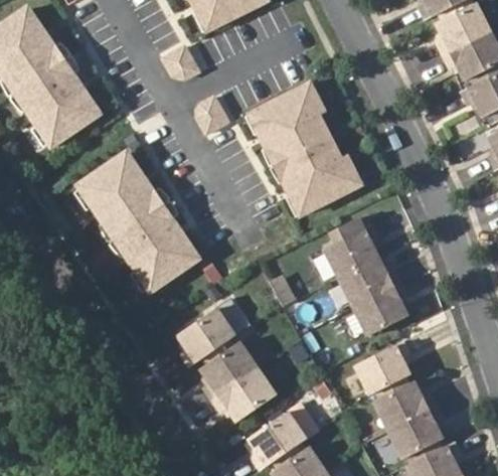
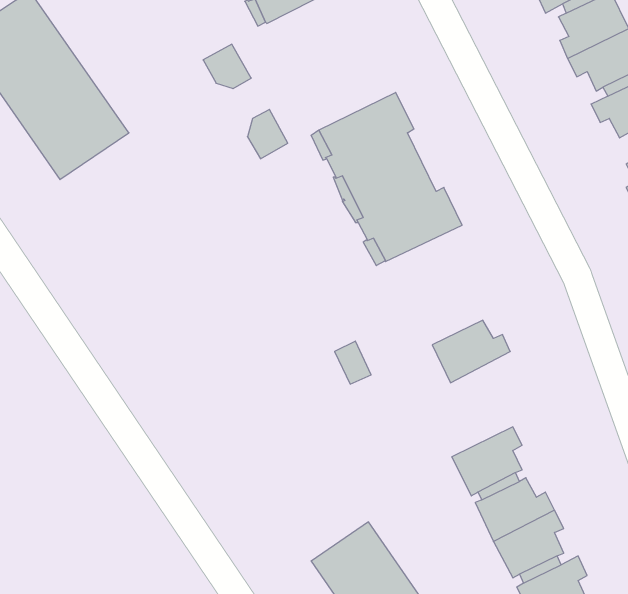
building: [75,149,204,296] -> none
building: [324,223,378,277] -> none
building: [353,282,407,334] -> none
building: [171,306,278,425] -> none

